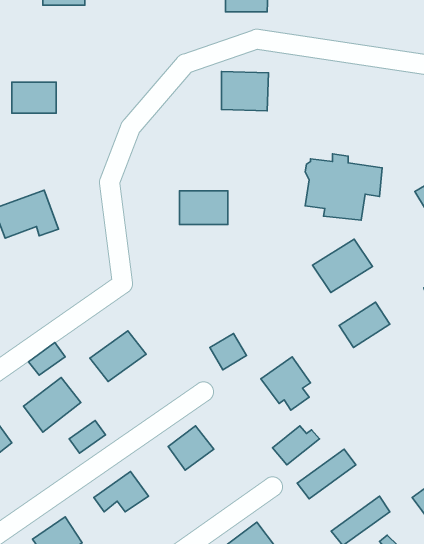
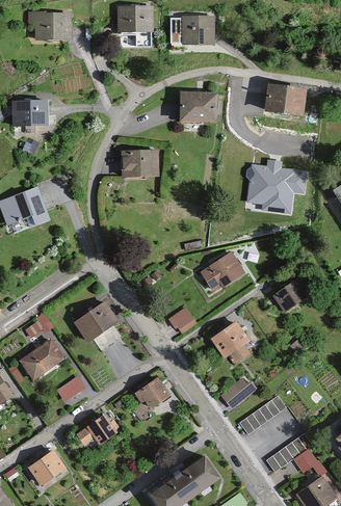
building: none -> [264,86,307,118]
building: [180,191,228,225] -> [121,152,159,179]
building: [312,239,372,293] -> [198,252,245,295]

